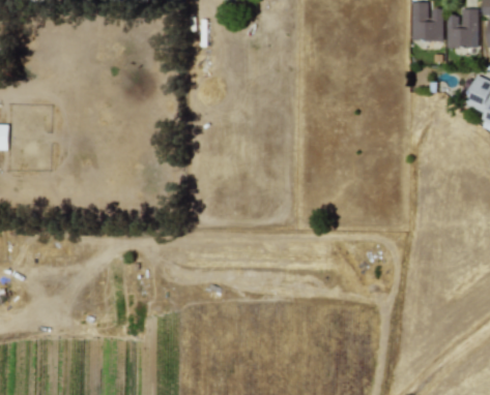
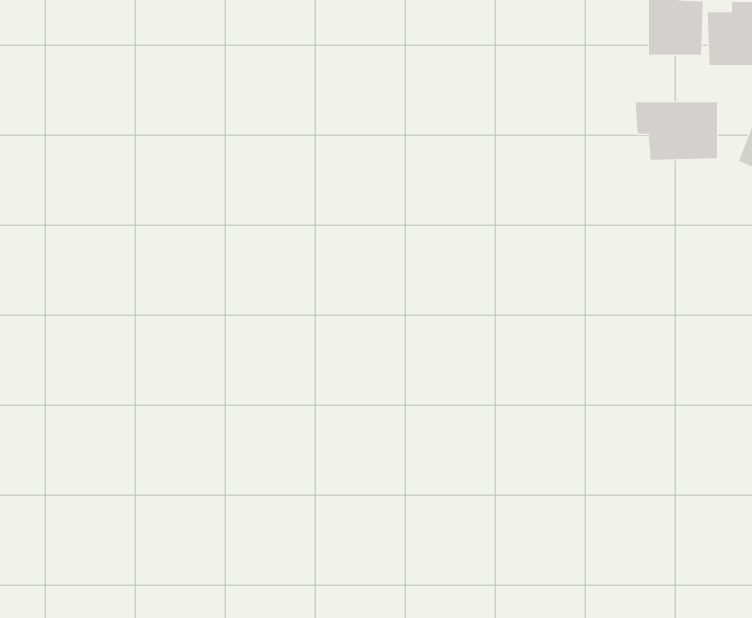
building: none -> [635,101,717,161]

